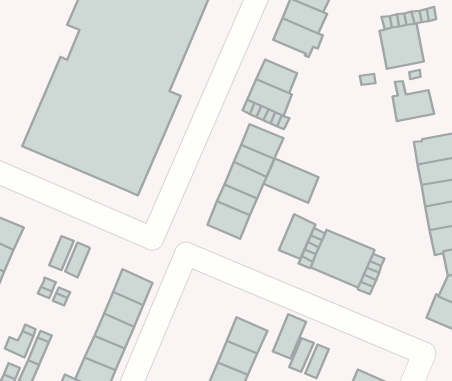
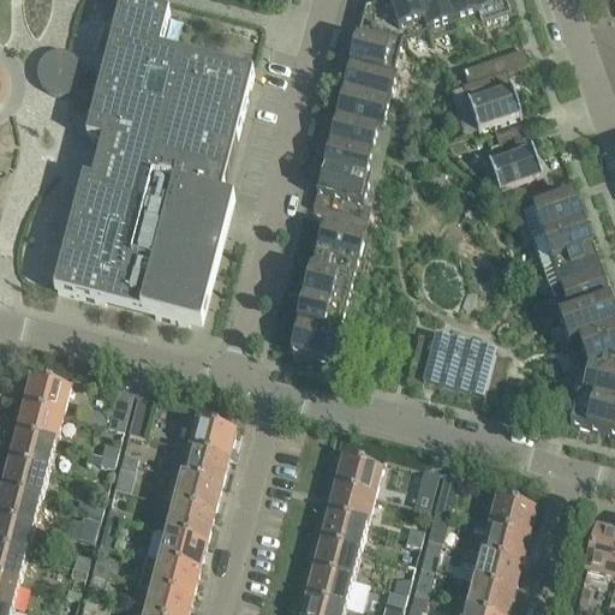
building: none -> [329,112,377,148]
building: [264,159,318,203] -> none
building: [279,214,315,259] -> none
building: [273,314,306,359] -> none

